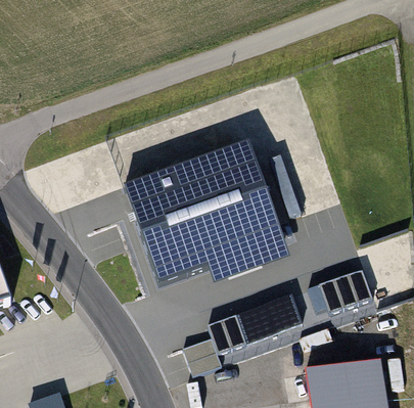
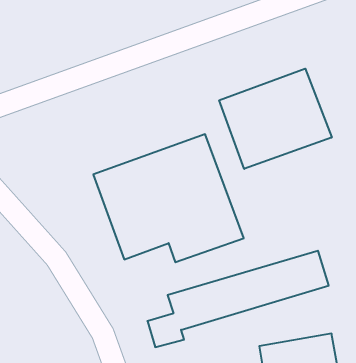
building: none -> [219,69,332,169]

